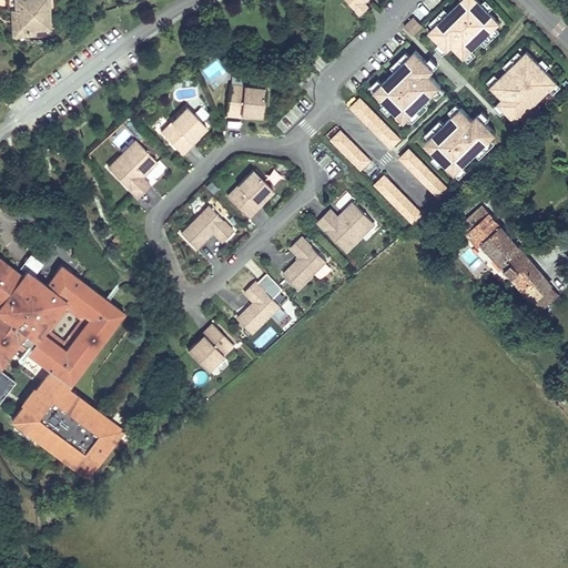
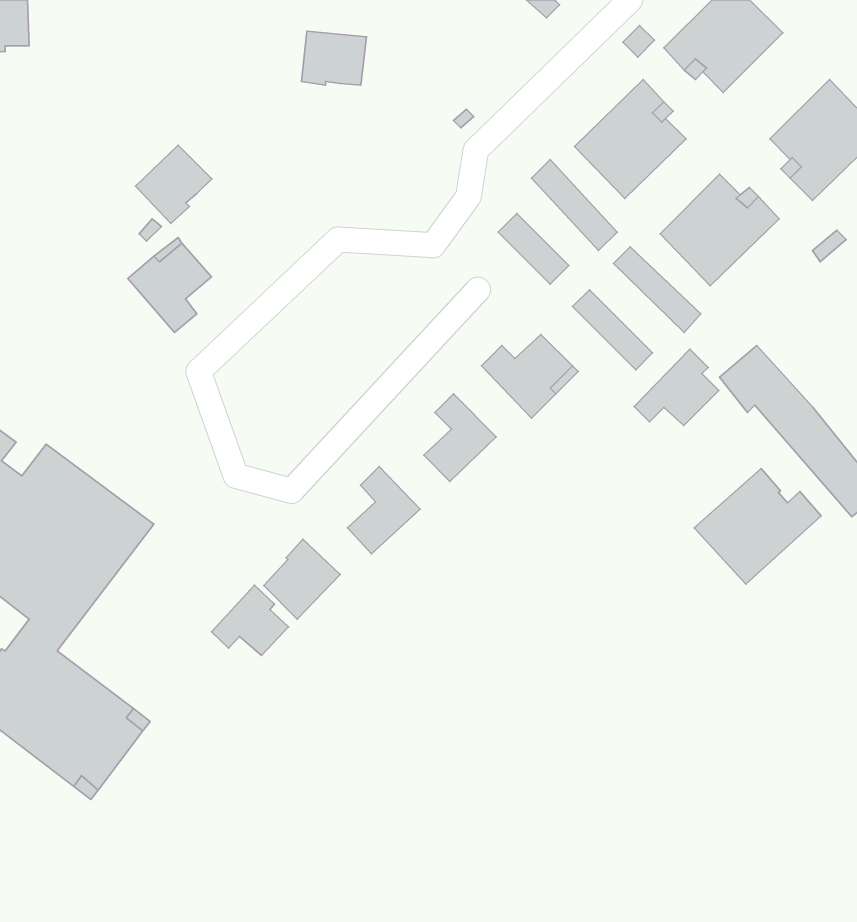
building: [224,85,263,118] -> [301,31,367,85]
building: [155,103,201,150] -> [136,145,212,223]
building: [227,171,273,217] -> none
building: [181,206,233,248] -> none
building: none -> [634,349,719,425]
building: none -> [694,469,821,584]
building: none -> [211,585,288,655]

